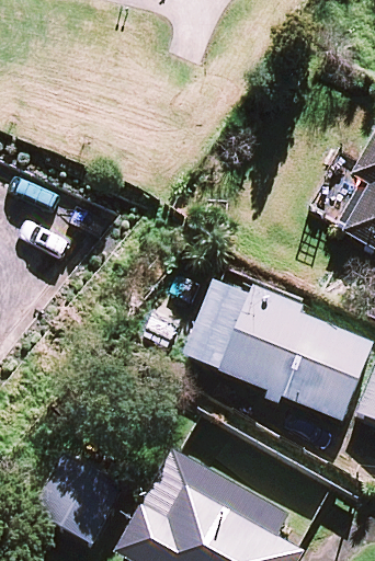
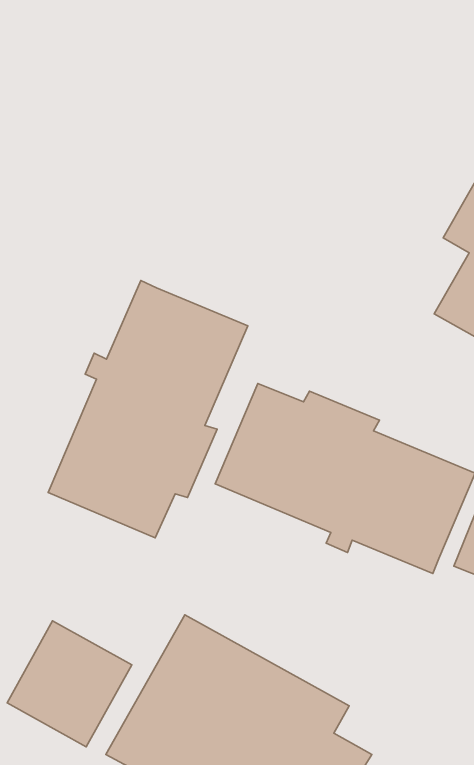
building: none -> [48,281,248,538]

